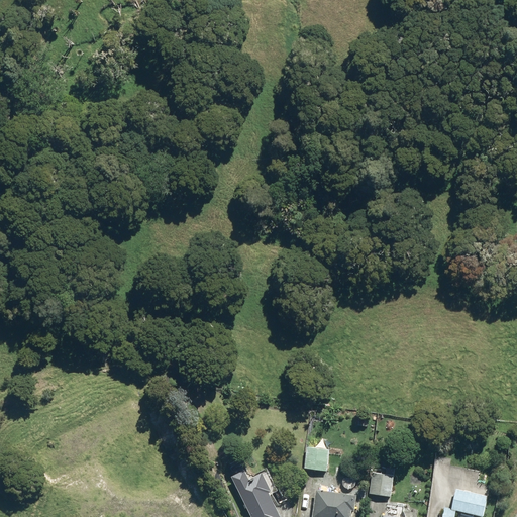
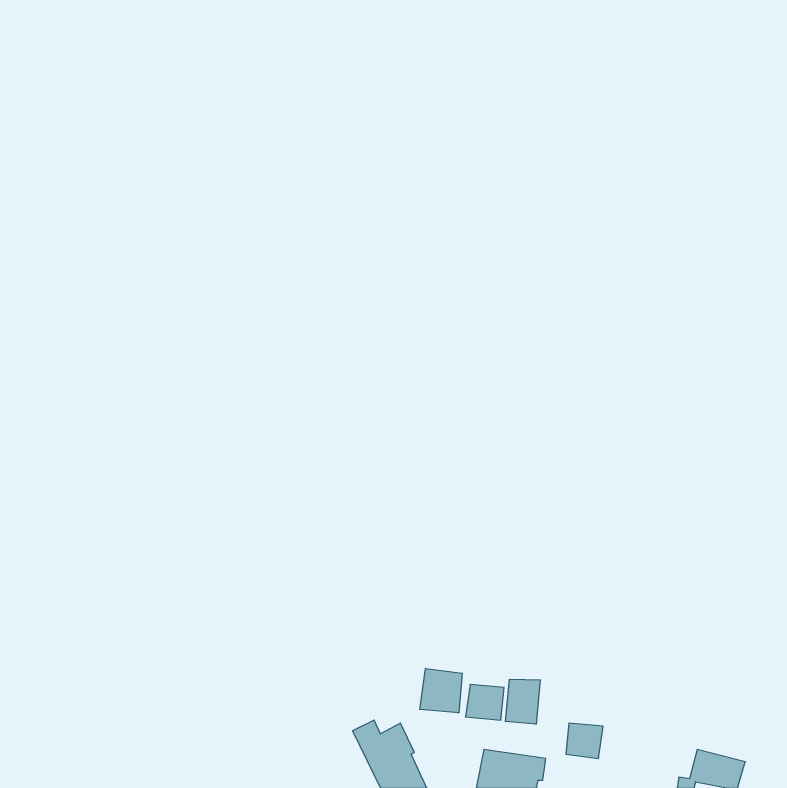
building: none -> [420,668,462,713]
building: none -> [506,679,540,724]

